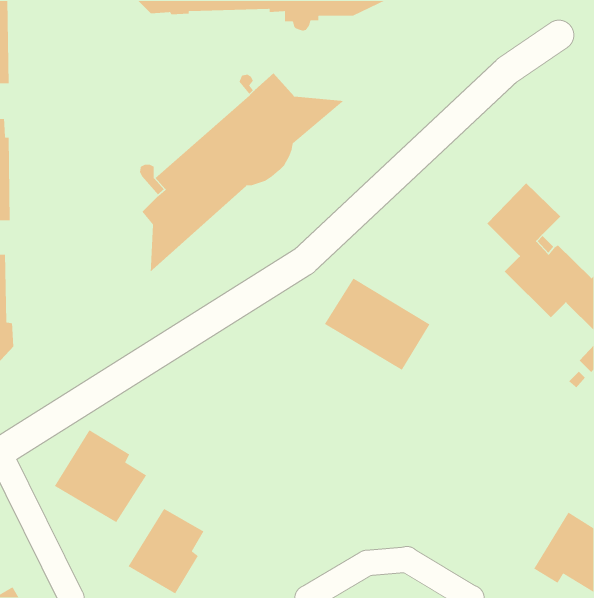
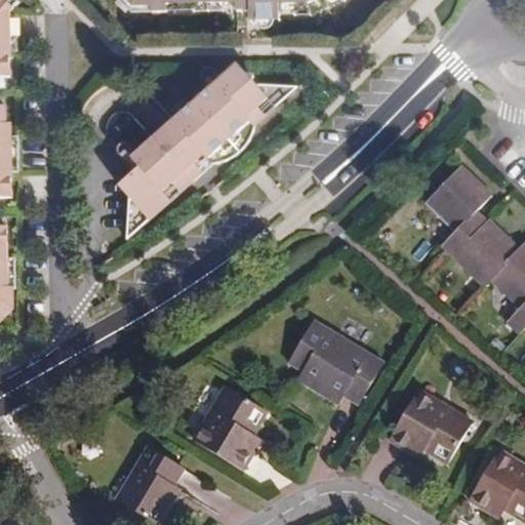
building: [324,277,430,371] -> [288,319,381,401]
building: [54,429,147,523] -> none
building: none -> [190,385,265,468]
building: none -> [389,390,471,460]

